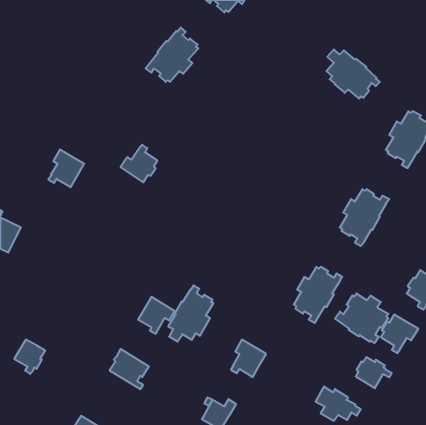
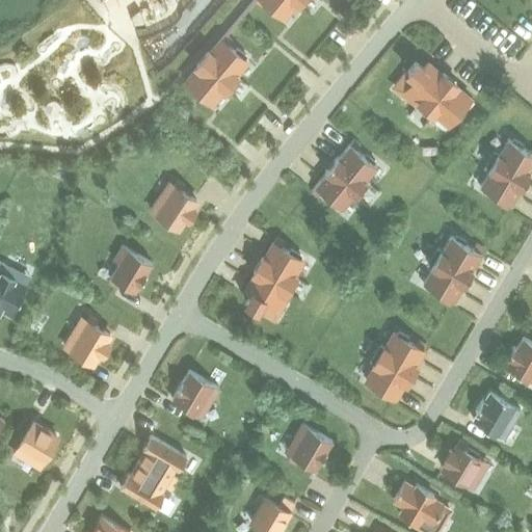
building: none -> [312,141,377,211]
building: [48,149,84,187] -> [108,247,153,294]
building: none -> [65,318,111,365]
building: [168,285,213,342] -> [246,241,302,311]
building: [335,293,388,343] -> none
building: none -> [122,463,177,509]

